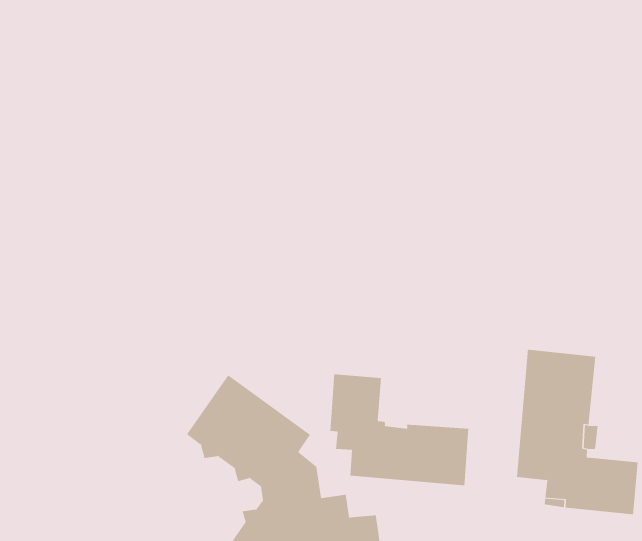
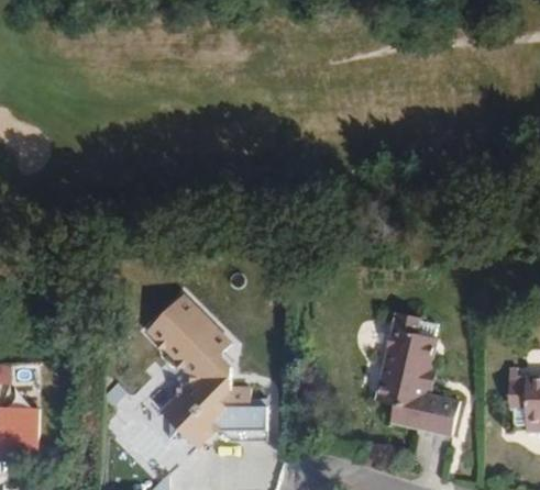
building: [330,374,469,486] -> none

